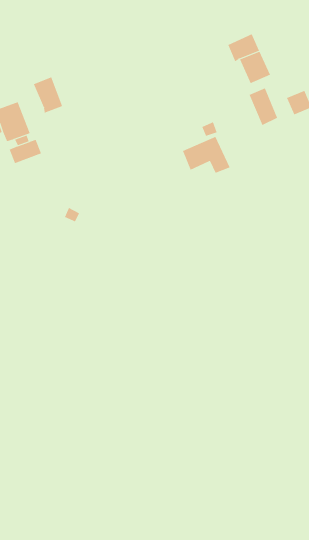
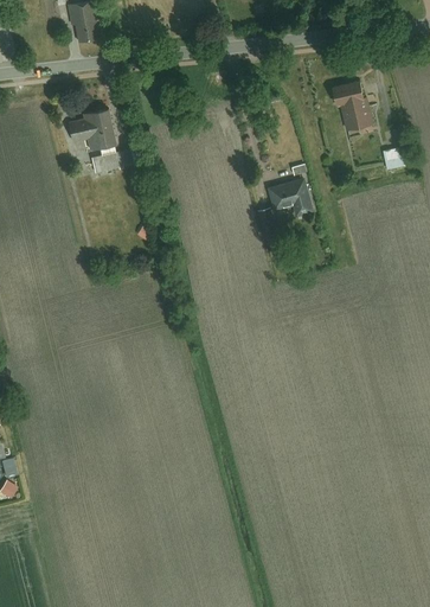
building: [33,77,63,114] -> none
building: [249,88,278,126] -> none

